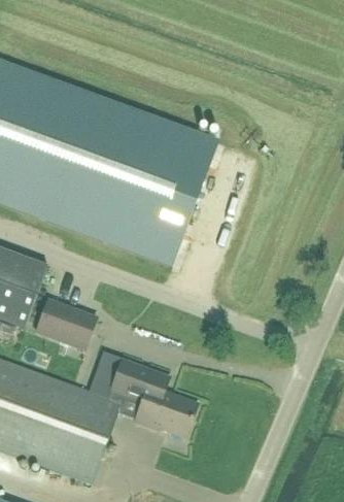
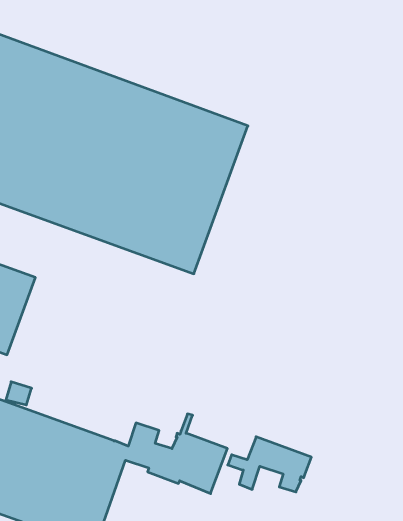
building: [35,297,98,350] -> none
building: [100,359,167,403] -> [228,437,311,492]

